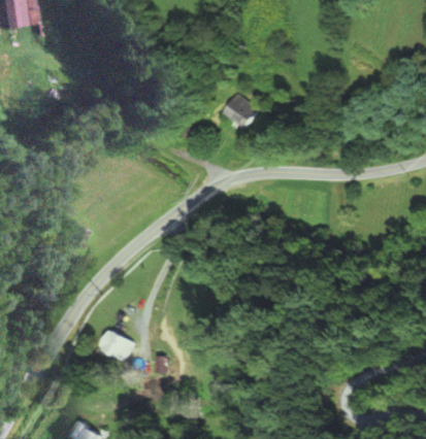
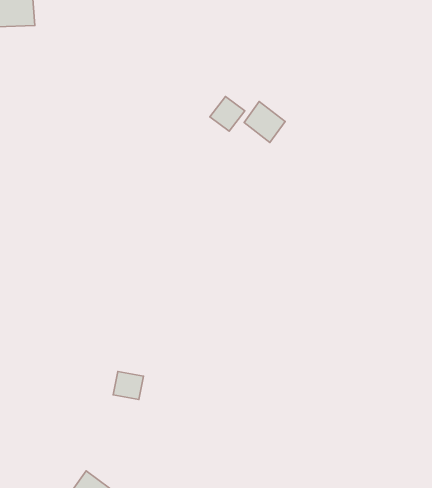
building: none -> [210,97,245,131]

